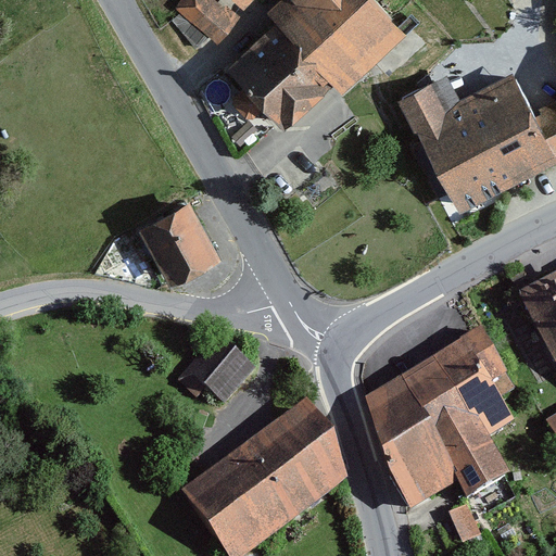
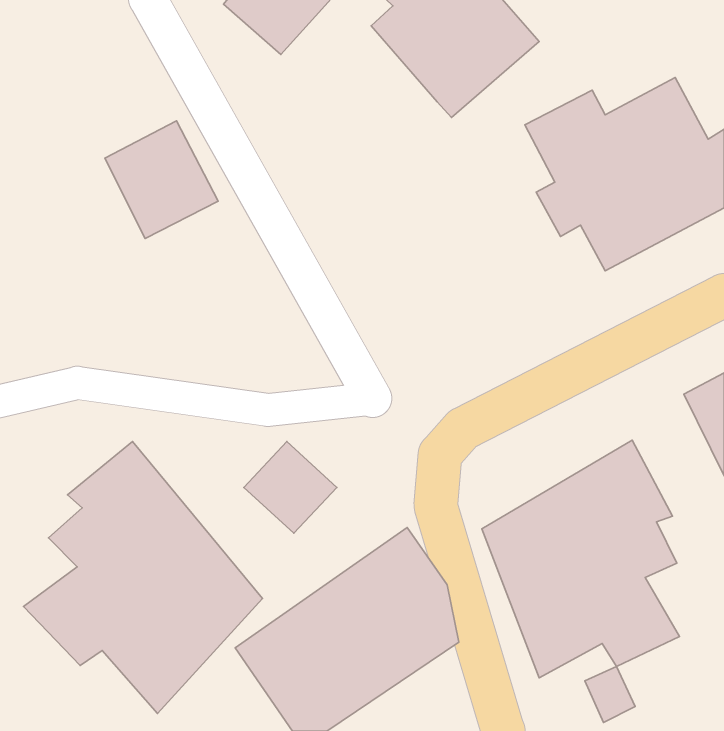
building: [226,20,331,124] -> none
building: [135,194,220,283] -> [105,121,218,238]
building: none -> [23,442,263,714]

